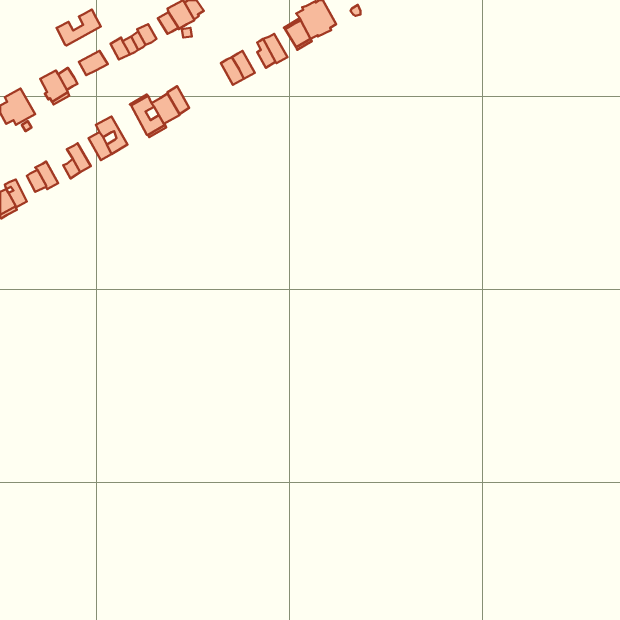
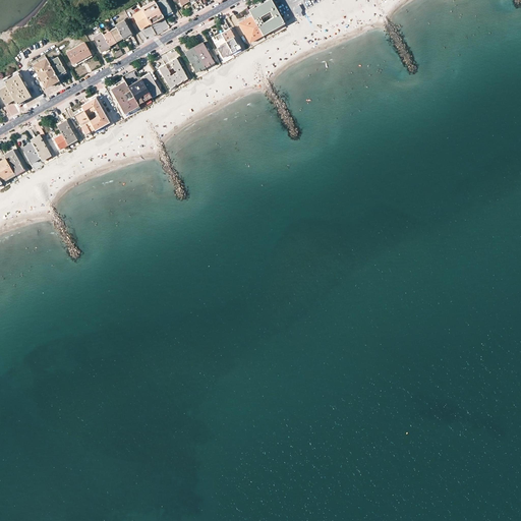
building: [56,9,101,45] -> none
building: none -> [160,58,188,88]

